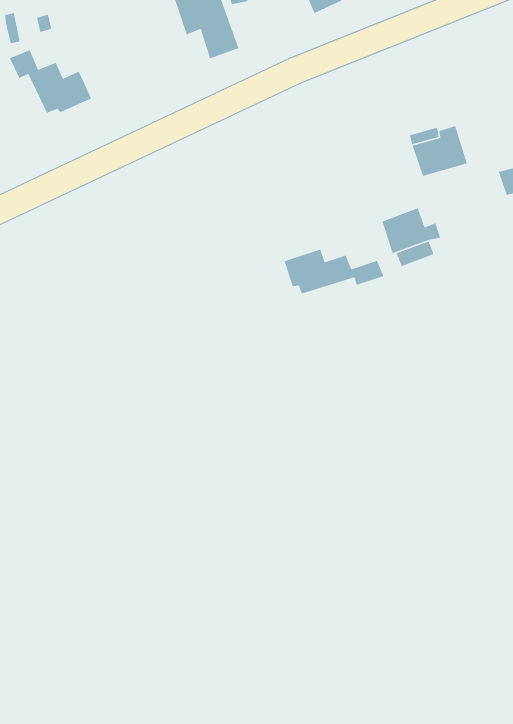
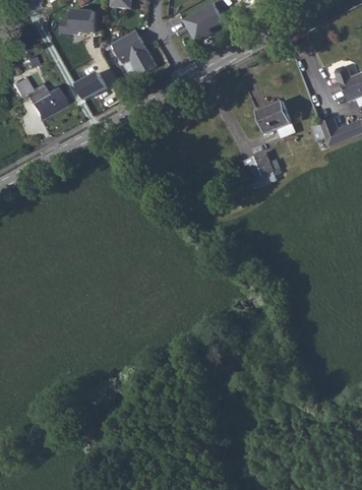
building: none -> [75,71,108,102]
building: [283,248,384,295] -> none

